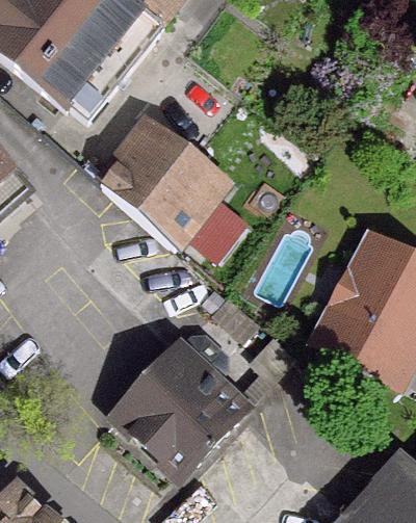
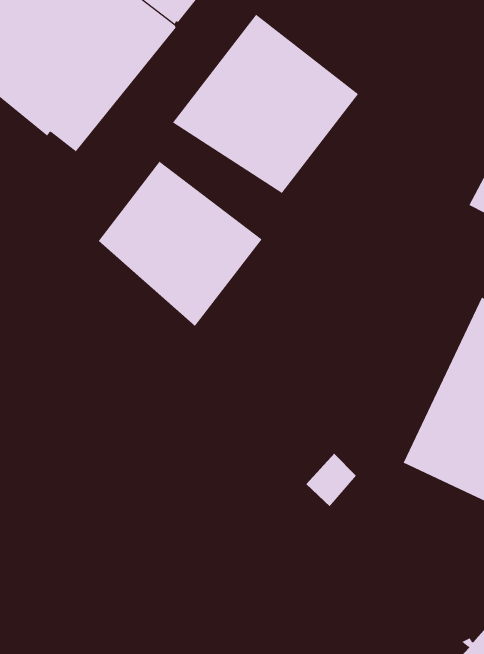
building: none -> [172,14,359,194]
building: [111,338,238,476] -> none

